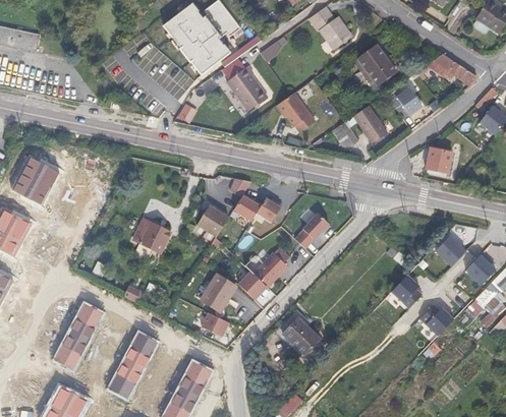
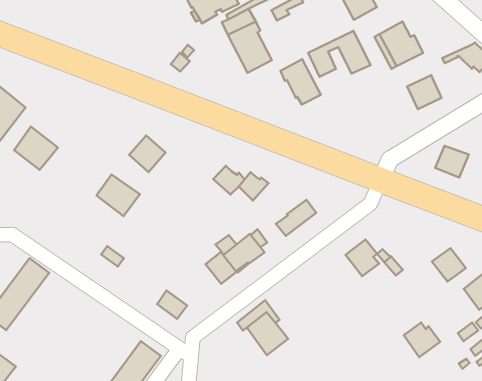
building: [332,105,388,150] -> [308,31,370,77]
building: none -> [14,127,58,170]
building: [196,205,228,237] -> [129,136,166,172]
building: [200,272,238,313] -> none
building: [392,275,423,307] -> [346,239,379,276]
building: [109,332,158,398] -> none

